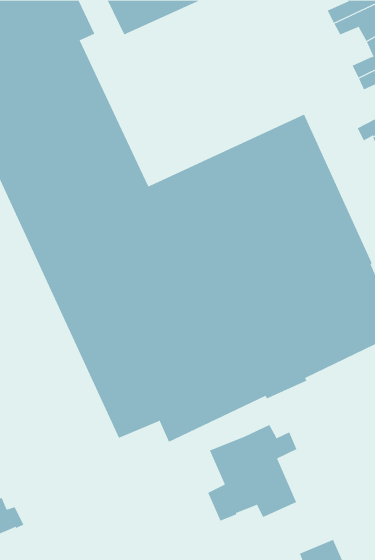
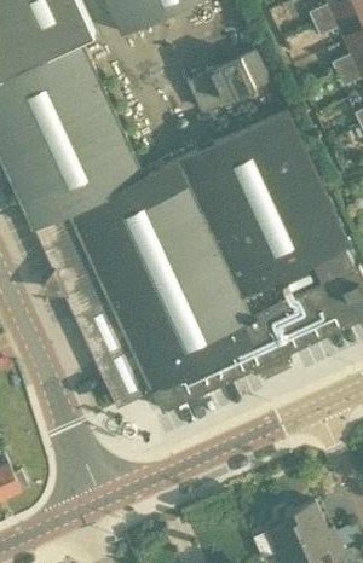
building: none -> [186,50,271,115]
building: [208,424,297,522] -> none

